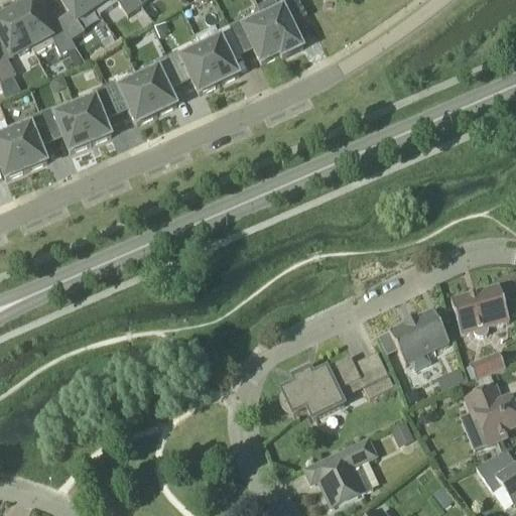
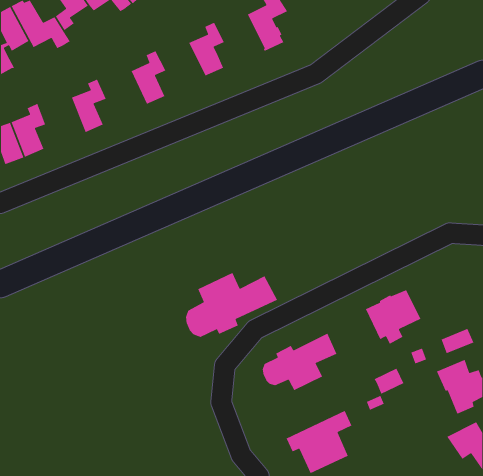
building: [229,8,281,61] -> none
building: [166,45,219,92] -> none
building: [104,76,156,122] -> none
building: [40,104,91,150] -> none
building: [450,283,510,334] -> none
building: none -> [185,272,278,338]
building: [361,368,394,397] -> [373,367,405,395]

